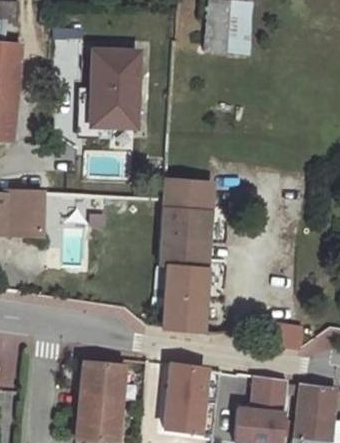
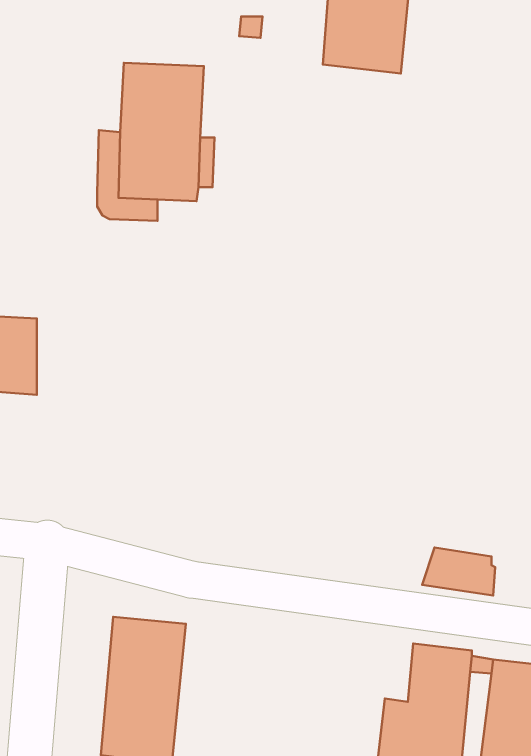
building: [159,178,214,332] -> none
building: [164,363,206,432] -> none

